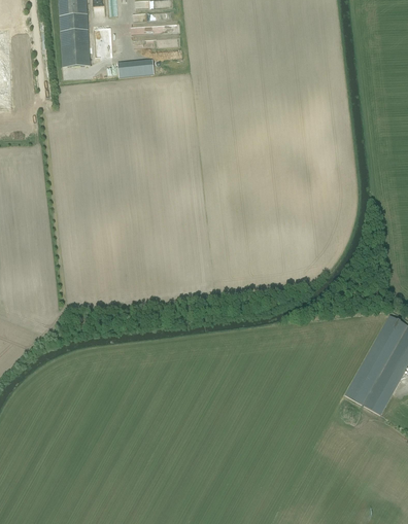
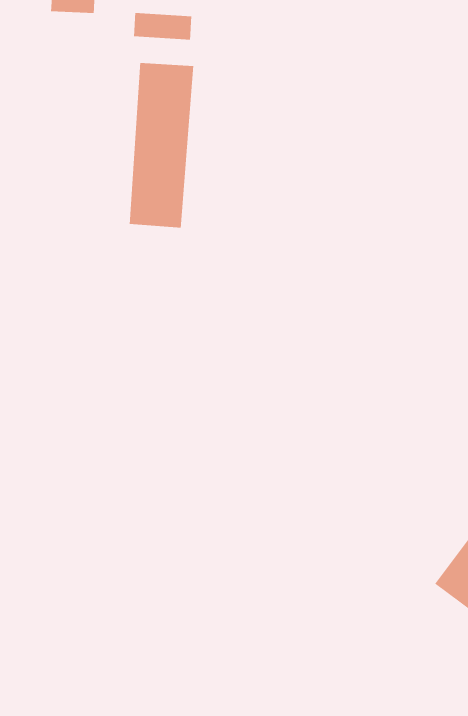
building: none -> [129,62,194,229]

